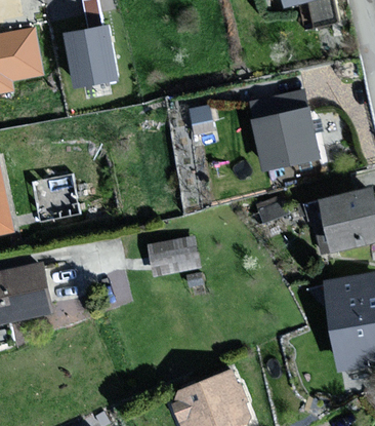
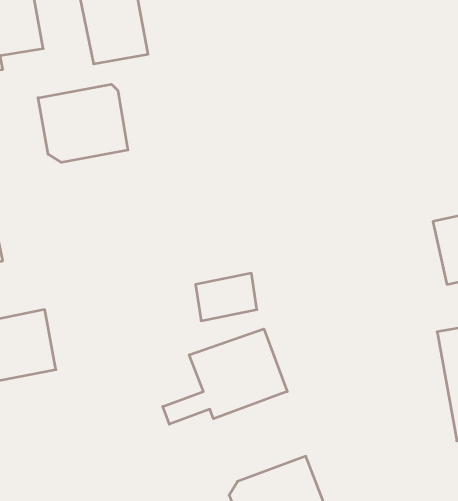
building: [252,91,317,167] -> none
building: none -> [38,84,128,162]
building: none -> [163,329,287,424]

